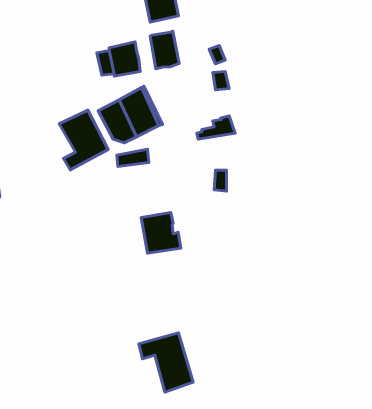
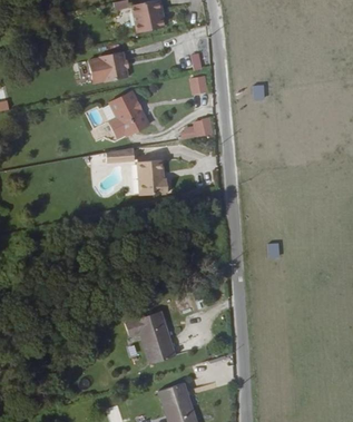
building: [150,31,179,69] -> none
building: [59,110,108,170] -> none
building: [141,212,181,253] -> [134,161,169,198]

